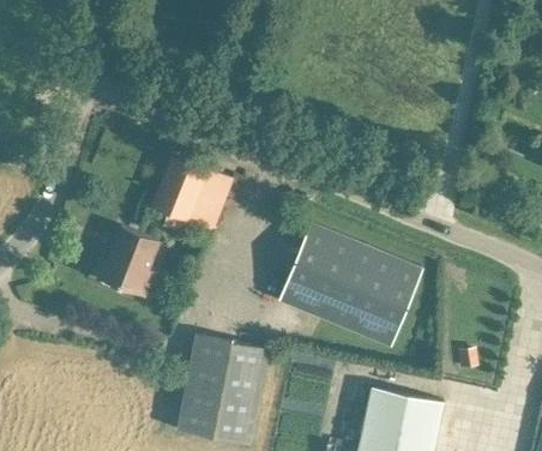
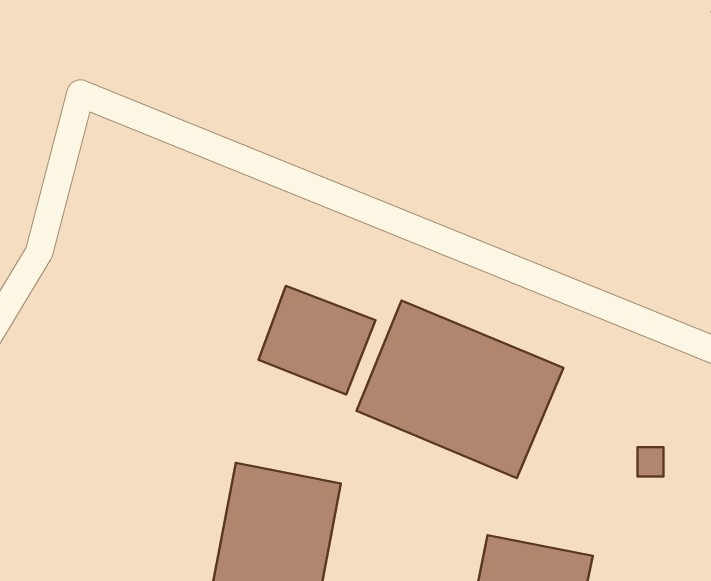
building: [152,156,234,231] -> [258,286,376,394]
building: [101,227,159,297] -> none

